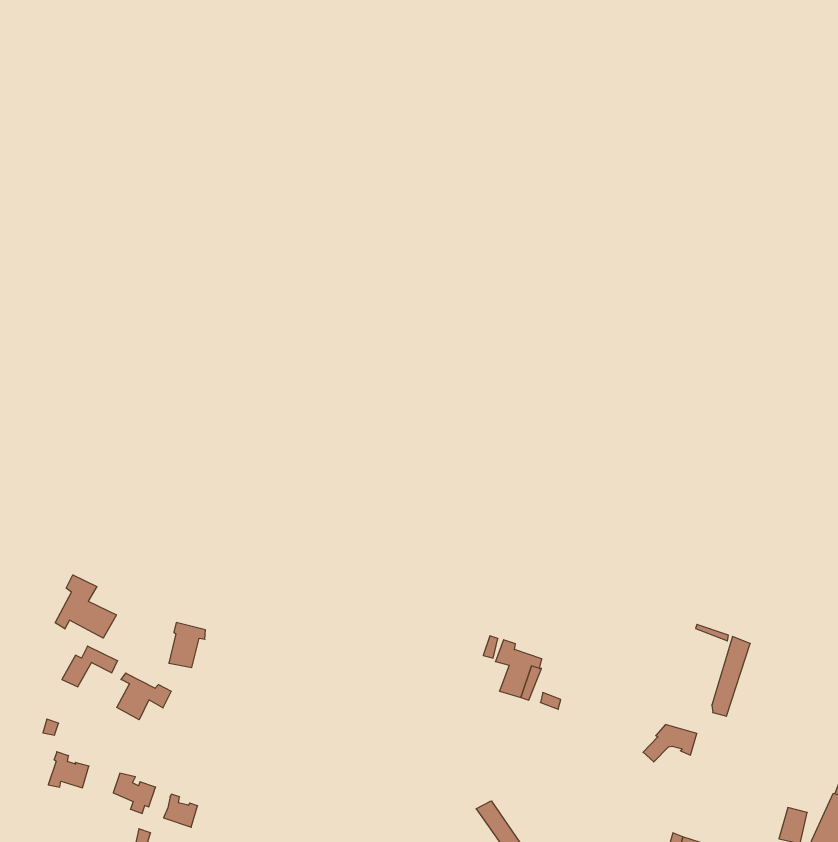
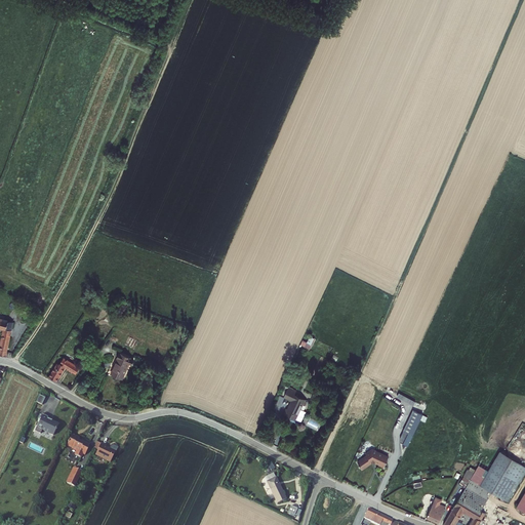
building: [55,575,116,638] -> none
building: [117,673,171,720] -> none

